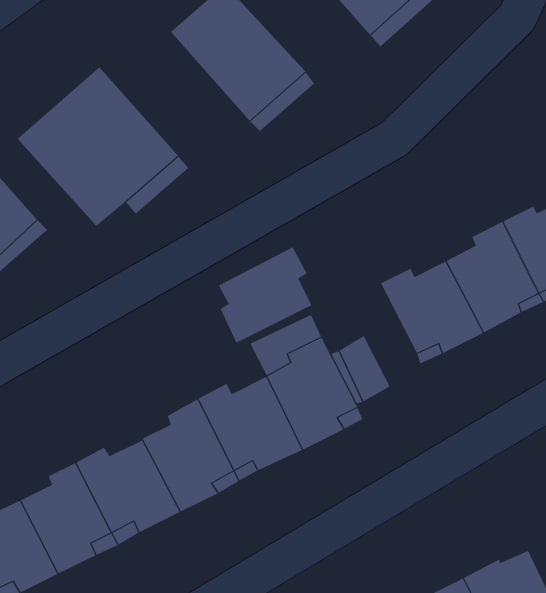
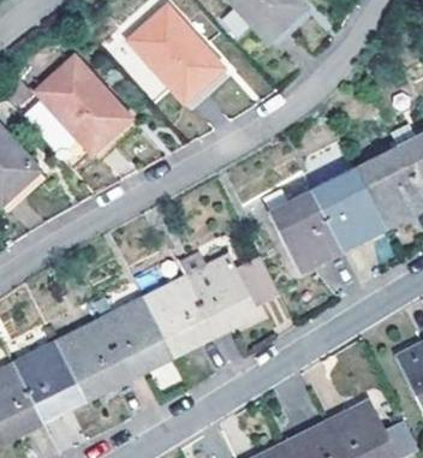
building: [218,246,312,343] -> none

